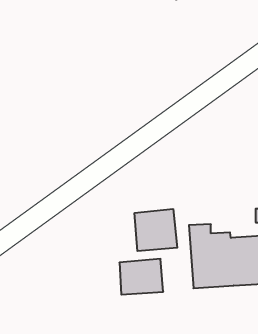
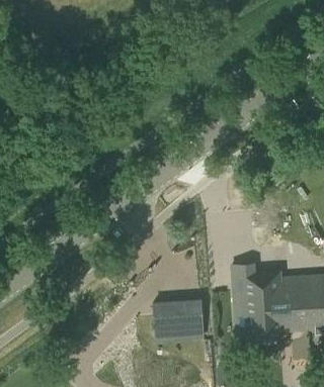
building: [135,209,177,251] -> none

